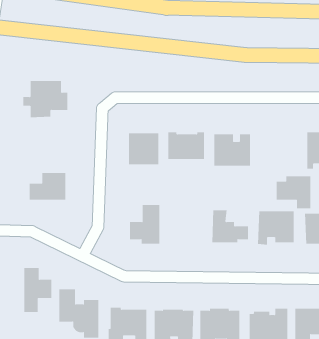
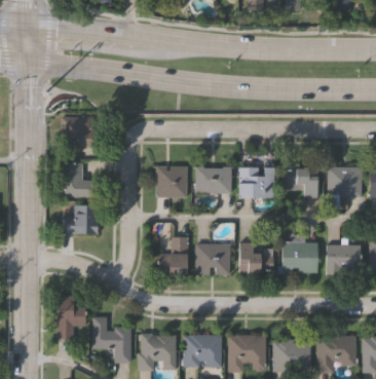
building: none -> [62,162,100,196]
building: [276,176,311,209] -> [285,166,318,198]
building: none -> [194,243,230,276]

